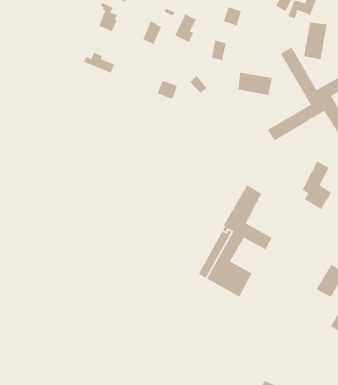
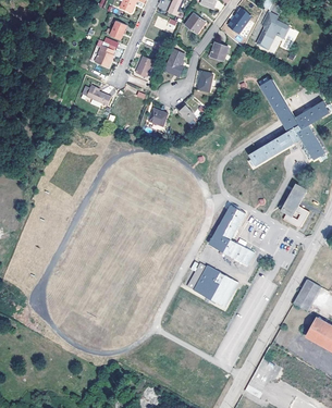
building: [303,22,327,60] -> none
building: [238,72,273,96] -> none

